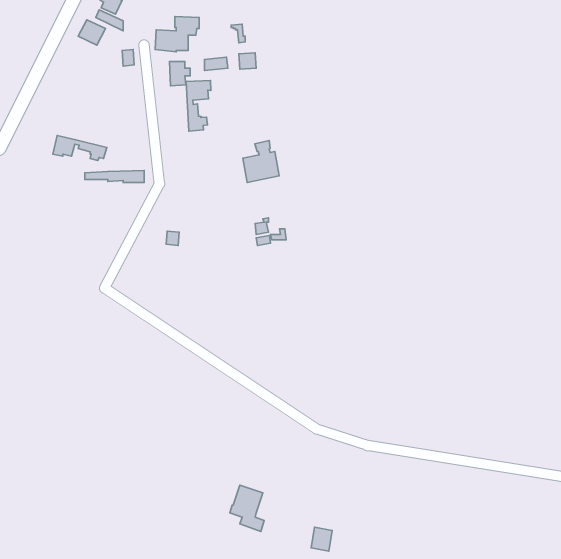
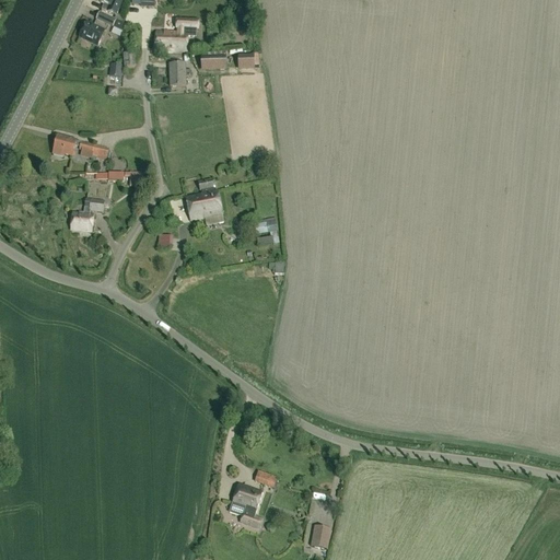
building: [186,81,211,131] -> none
building: [243,141,279,182] -> [185,178,221,220]
building: none -> [70,198,104,231]

